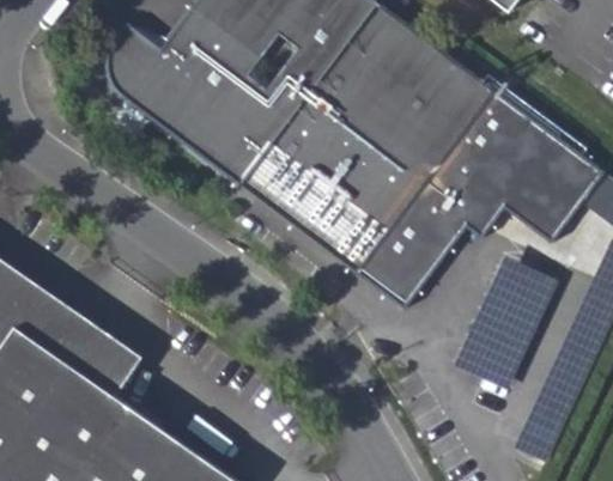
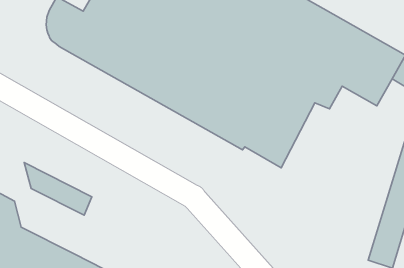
building: [451,255,558,390] -> none
building: [32,300,120,384] -> [24,163,92,215]

